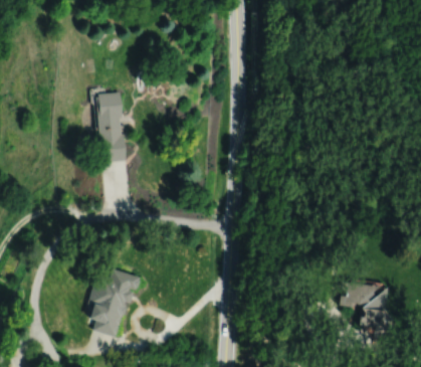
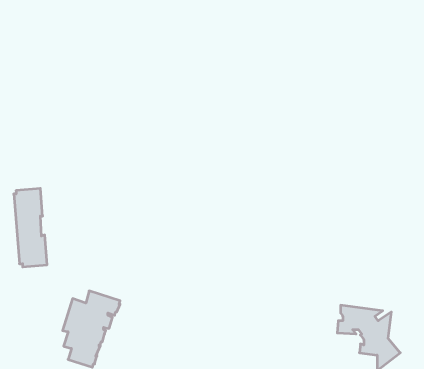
building: [96,91,127,163] -> [14,188,47,267]

